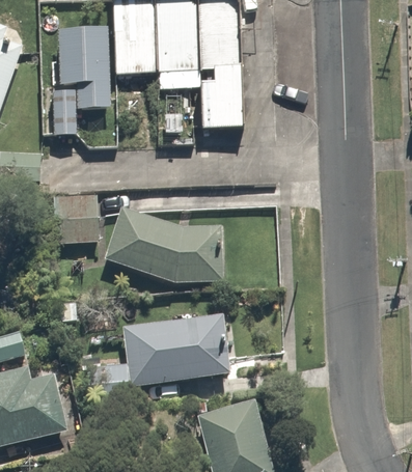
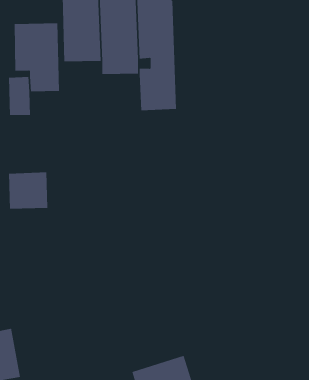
building: [104,212,226,285] -> none
building: [77,317,225,396] -> none

